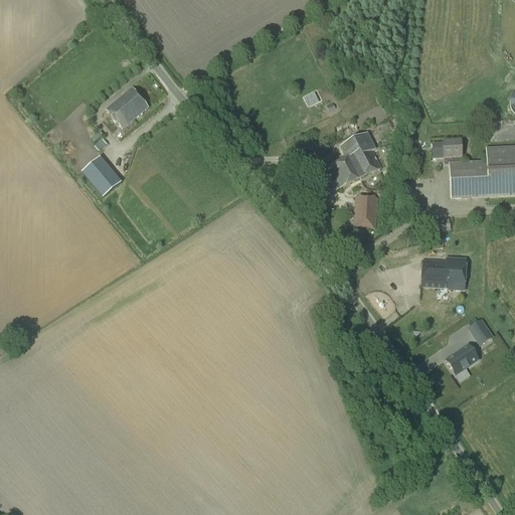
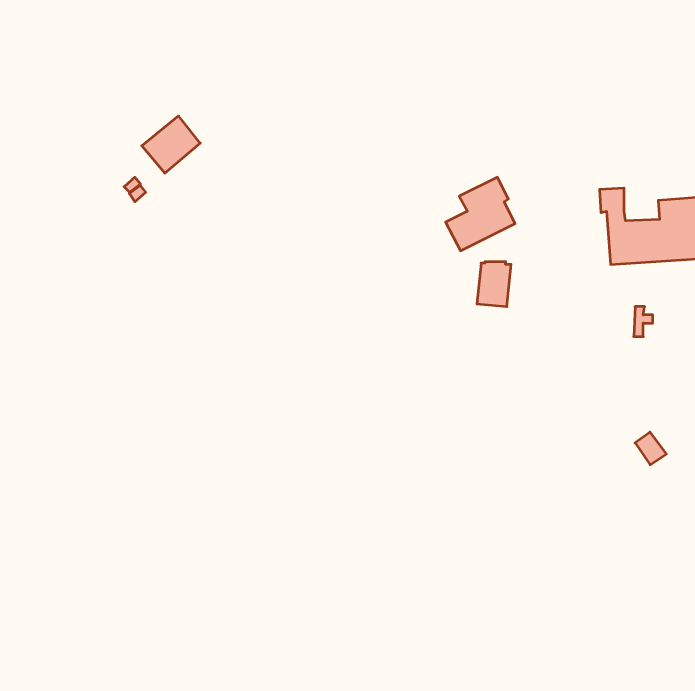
building: [81,155,121,195] -> none
building: [421,256,466,289] -> none
building: [447,343,479,372] -> none

